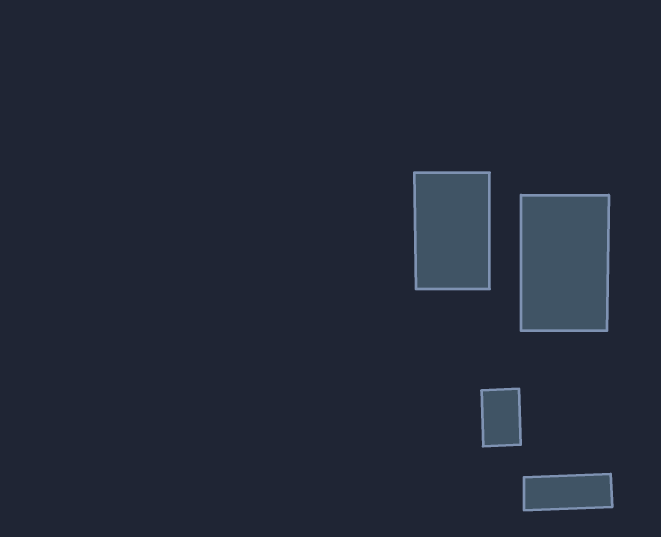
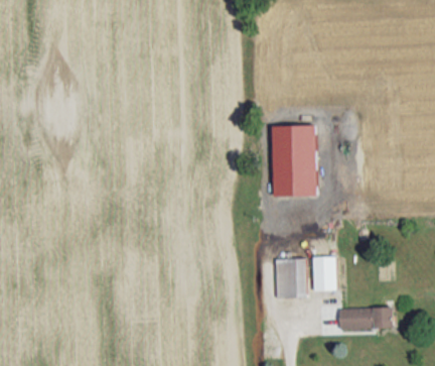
building: [521,195,609,331] -> none
building: none -> [275,258,306,297]

